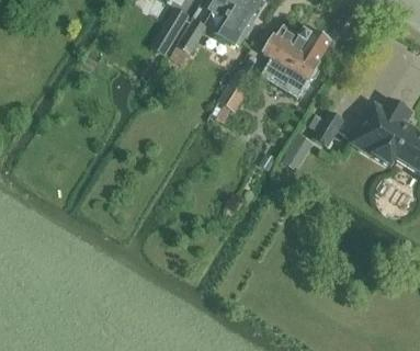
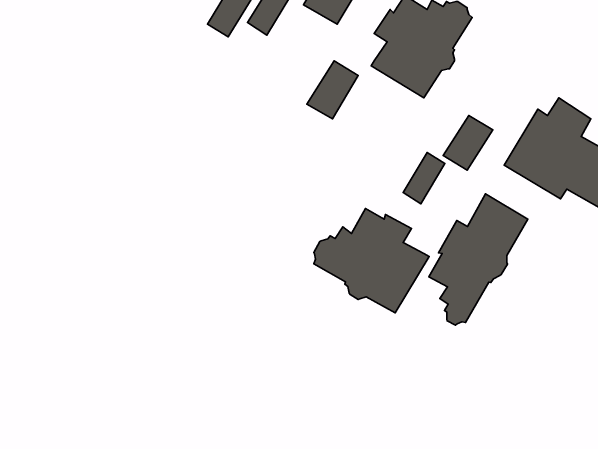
building: none -> [429,194,528,325]
building: none -> [314,209,429,313]

